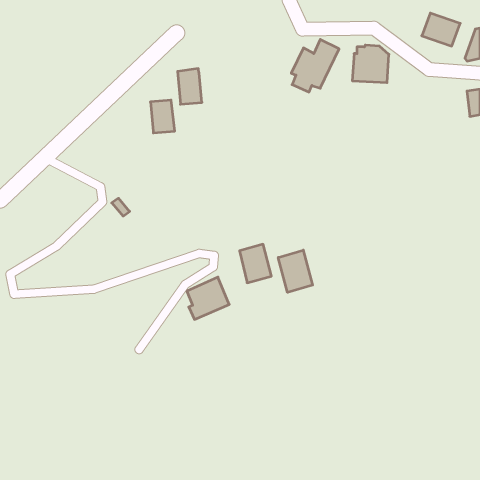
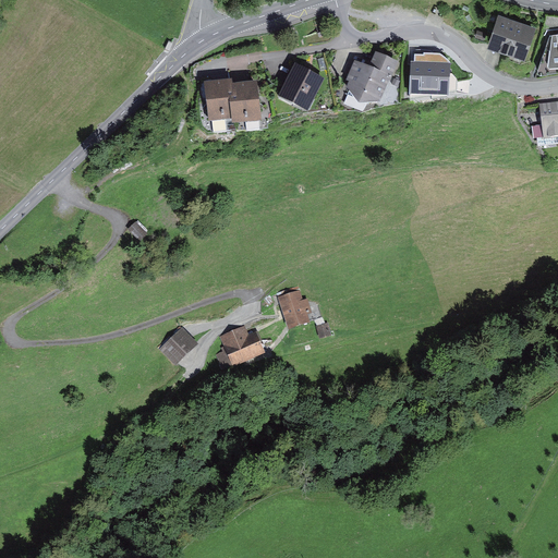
building: none -> [282,66,322,108]
building: [150,100,175,133] -> [231,83,259,121]
building: [278,250,313,292] -> none
building: none -> [159,319,203,361]

